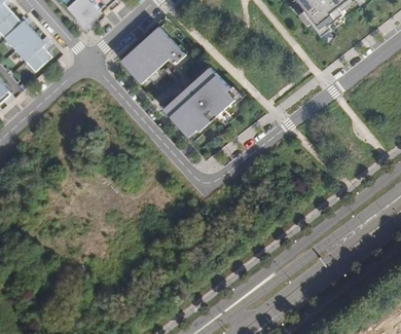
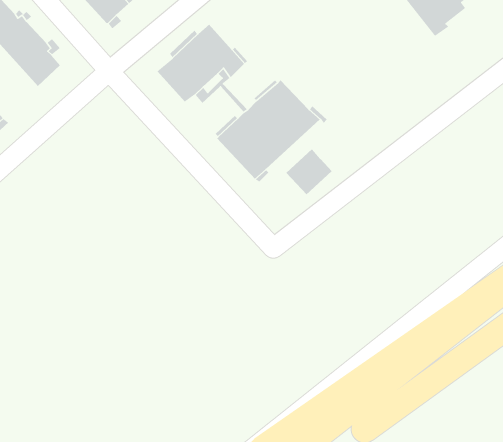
building: none -> [285,149,332,195]

